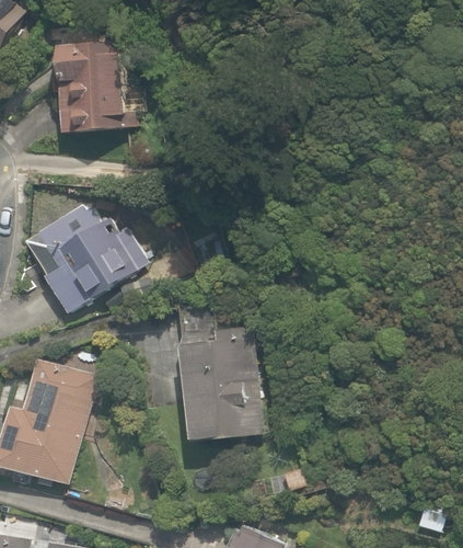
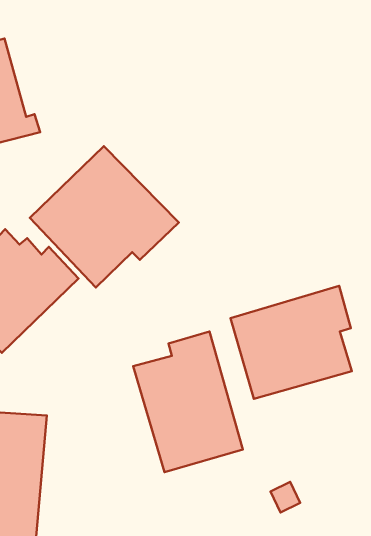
building: none -> [30,146,179,288]
building: none -> [231,286,352,399]

